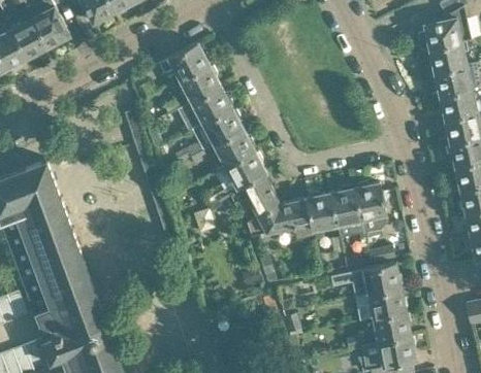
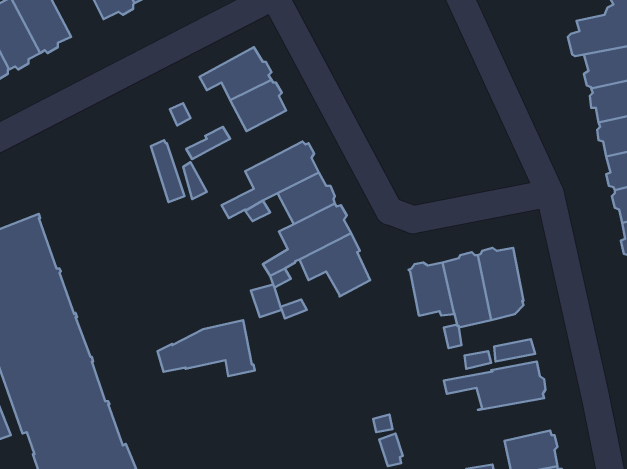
building: [192,89,231,125] -> none
building: [247,201,315,240] -> [158,320,255,376]
building: [355,290,407,321] -> none

